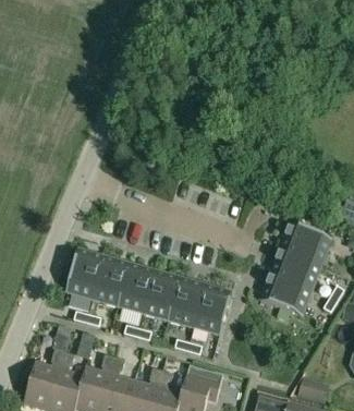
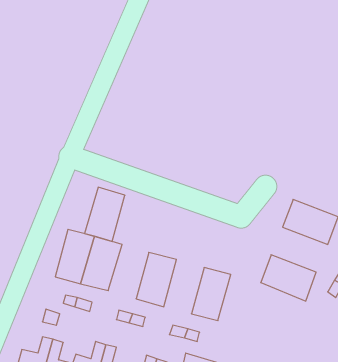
building: [270,246,324,289] -> none
building: [117,263,155,314] -> [84,187,125,241]
building: [169,277,207,328] -> none

